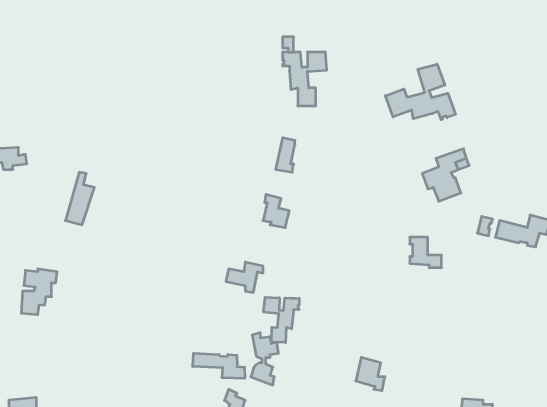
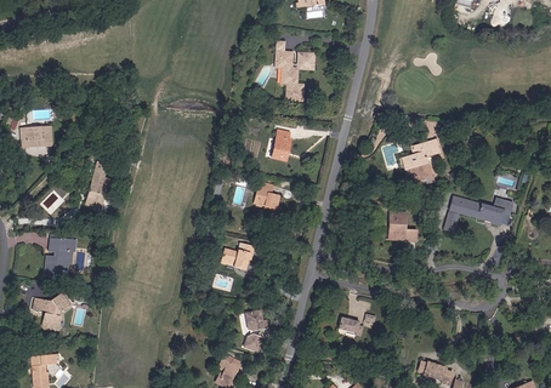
building: [385,64,455,120] -> none
building: [264,297,299,343] -> none
building: none -> [41,299,68,333]
building: [193,353,245,378] -> none

